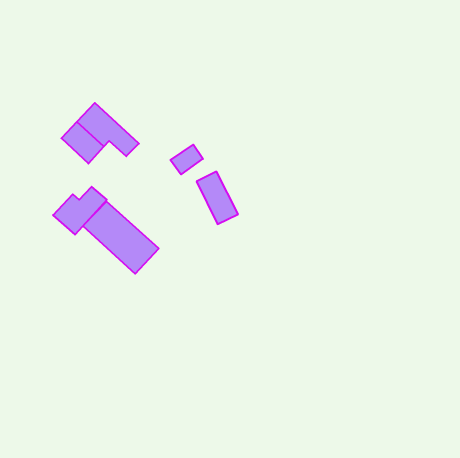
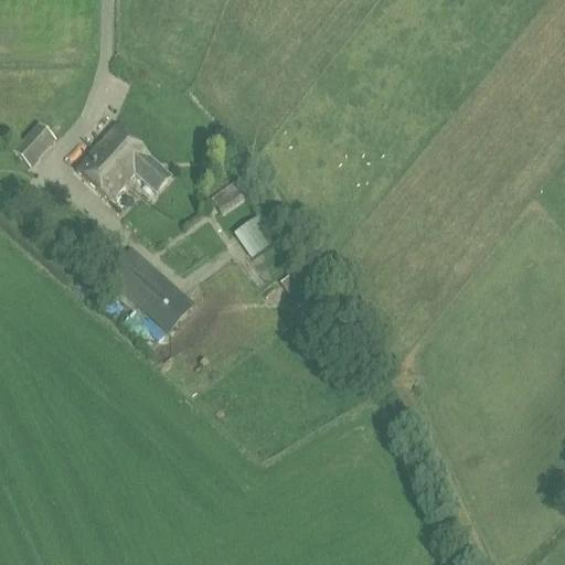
building: none -> [12,124,54,166]
building: [53,187,107,235] -> none

